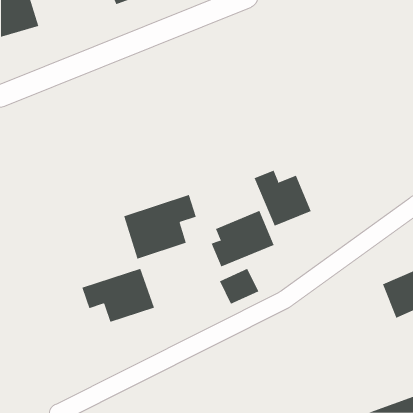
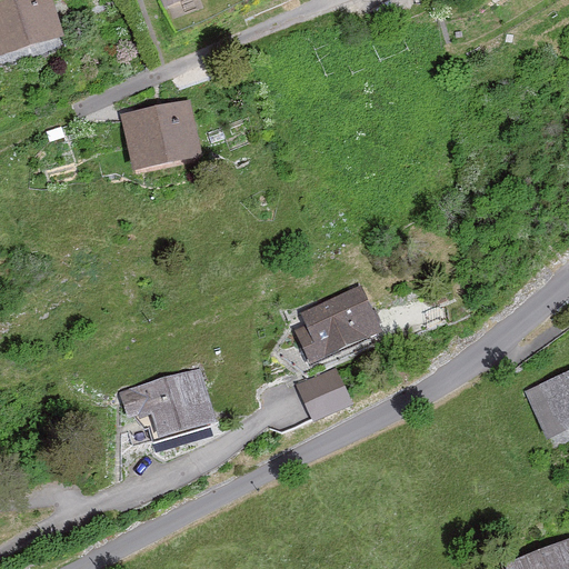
building: none -> [122,101,198,168]
building: [254,170,312,227] -> none
building: [124,194,196,259] -> none

